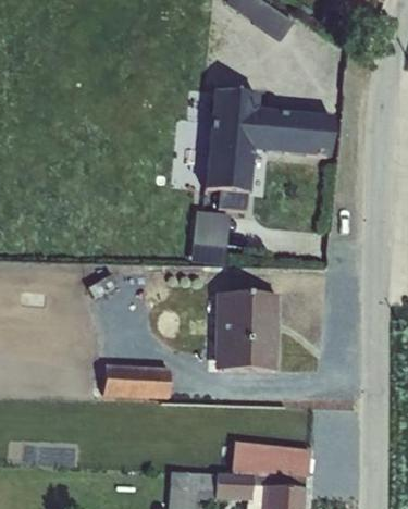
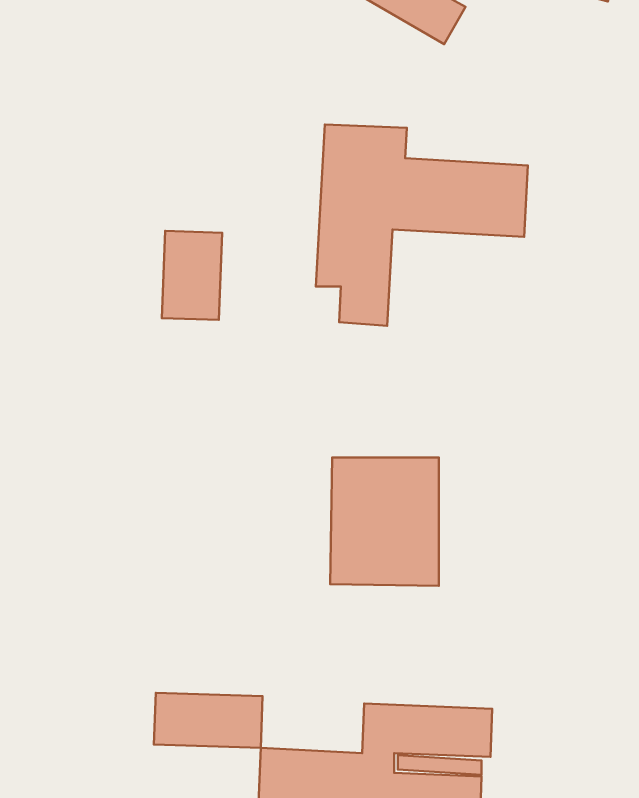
building: [193,210,230,264] -> [162,231,222,320]
building: [104,364,171,398] -> [154,693,263,748]

